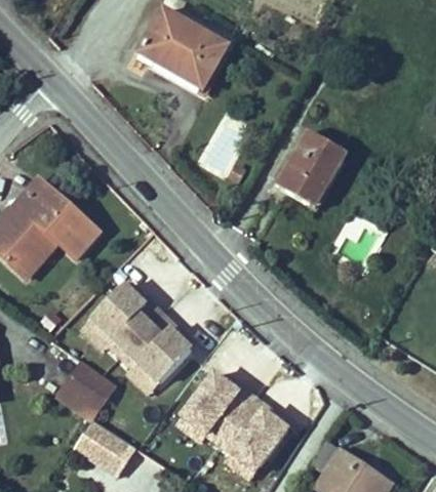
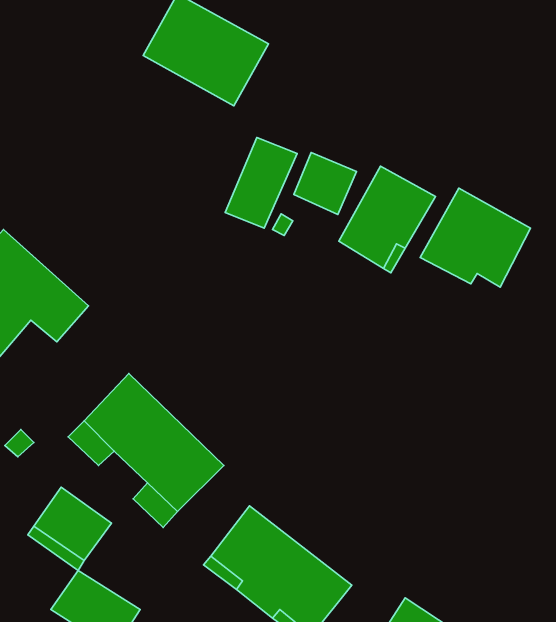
building: none -> [294,152,356,215]
building: none -> [420,188,531,287]

